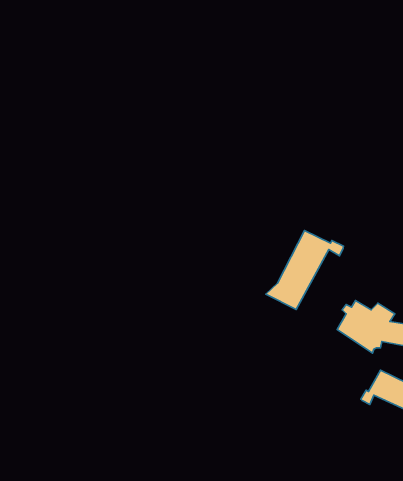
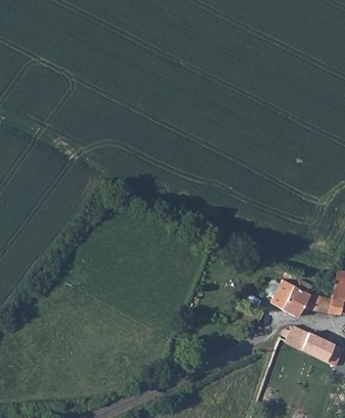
building: [266,231,343,310] -> none

